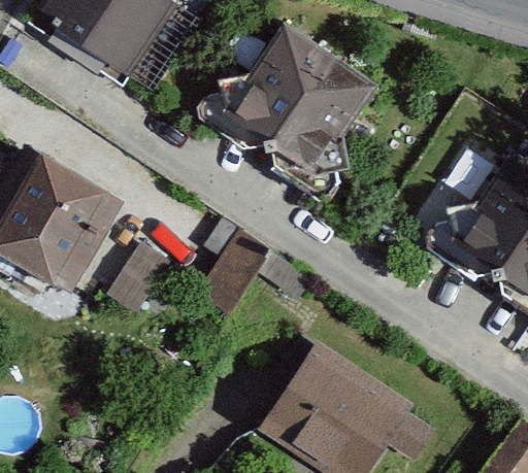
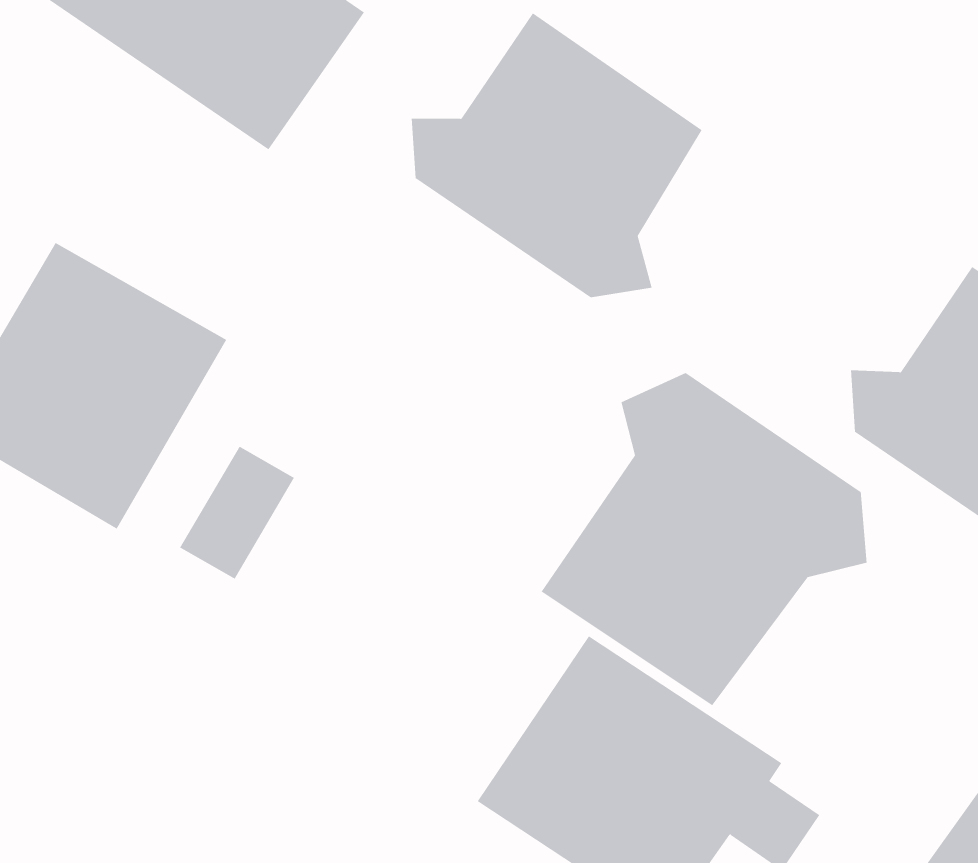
building: none -> [541,372,867,706]

